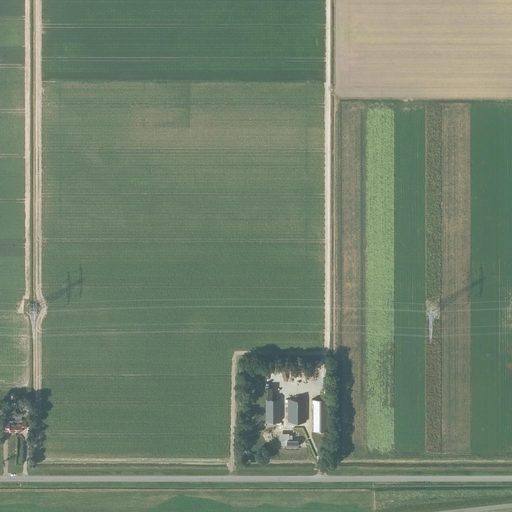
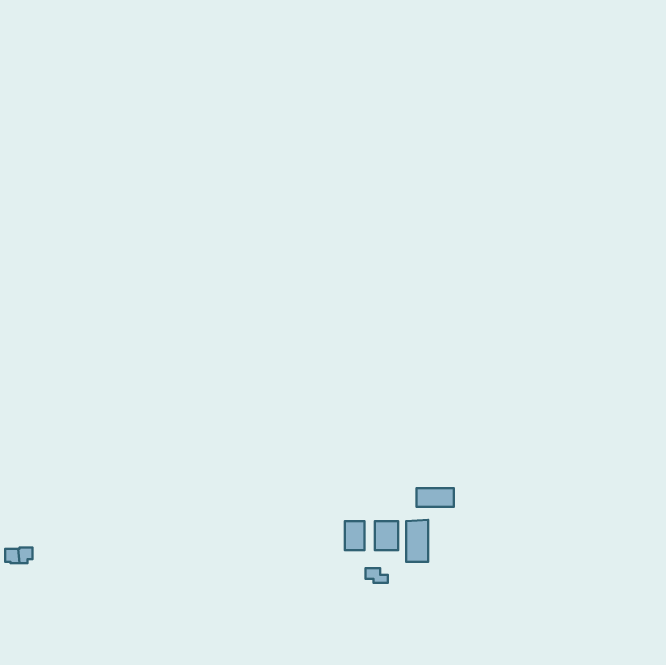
building: none -> [417,488,454,507]

